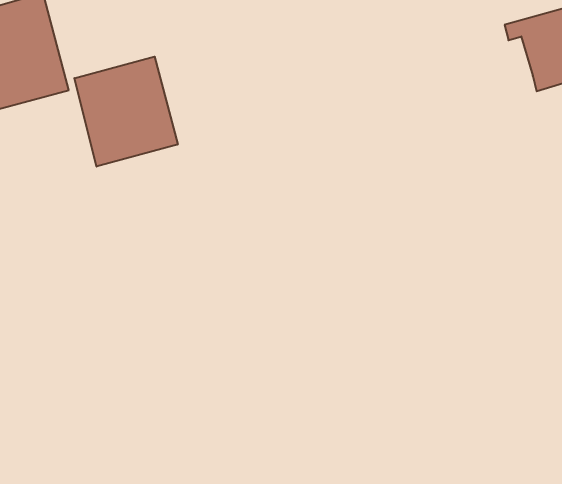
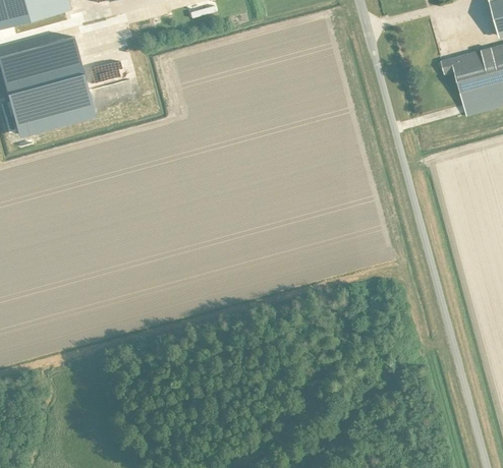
building: [74,57,178,167] -> none

